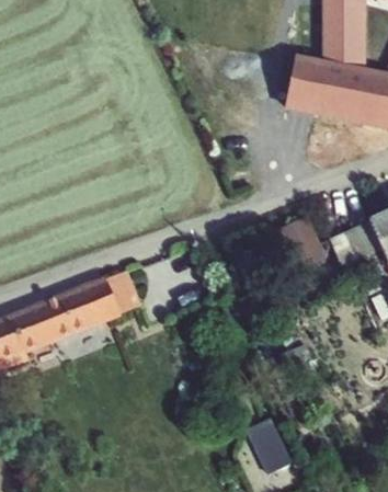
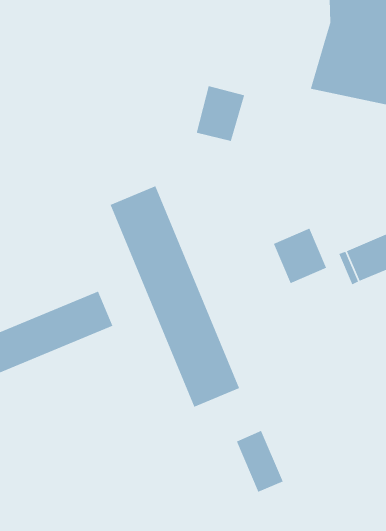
building: [278,48,322,99] -> [196,85,245,142]
building: none -> [110,185,240,408]

